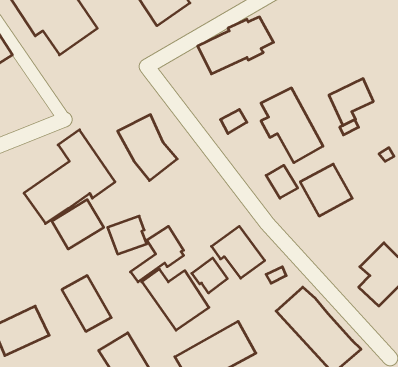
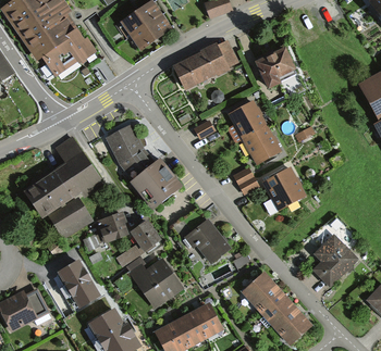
building: [329,79,373,126] -> [255,47,293,87]
building: none -> [130,156,182,209]
building: [192,258,227,293] -> none

